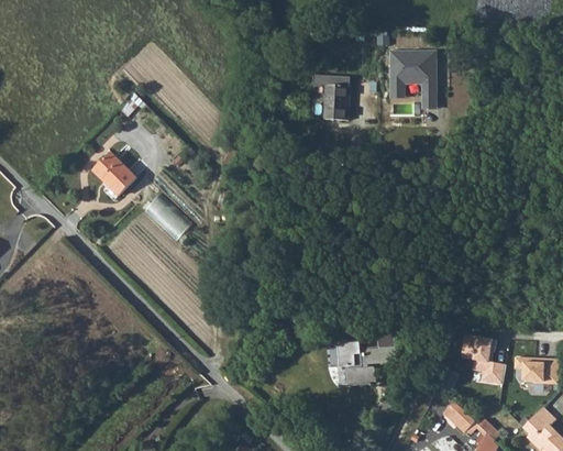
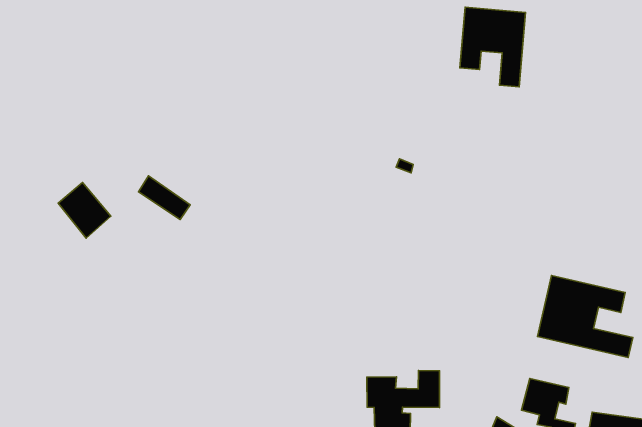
building: [312,76,349,121] -> none
building: [95,152,136,195] -> [58,182,111,238]
building: none -> [537,275,633,358]

